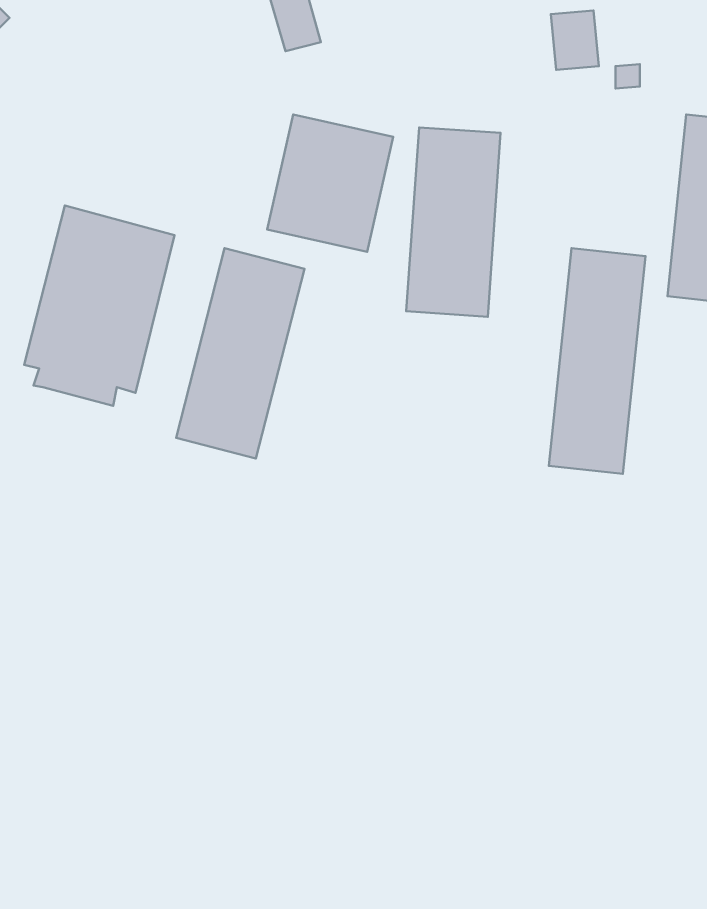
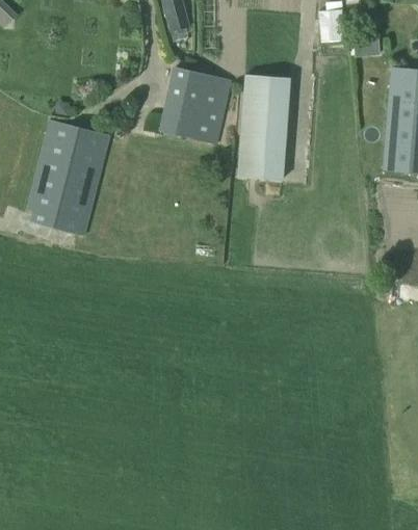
building: [549,248,646,474] -> none
building: [176,248,304,459] -> none

